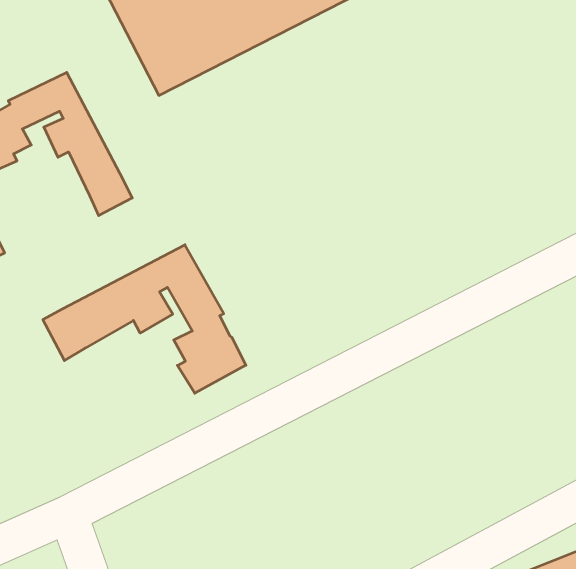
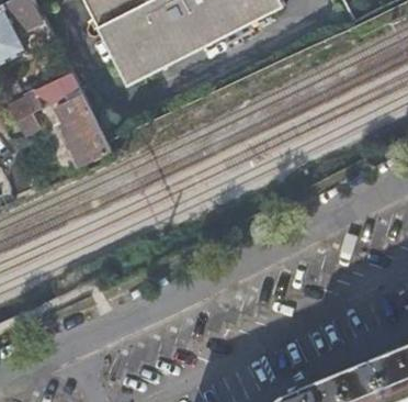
building: [43,245,246,393] -> none

